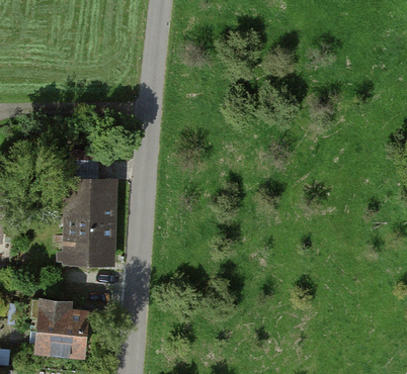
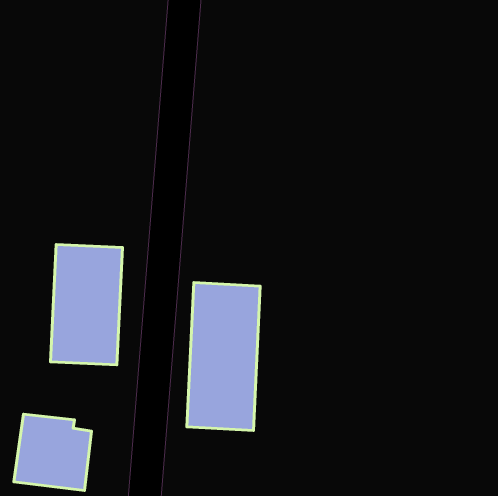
building: none -> [187,283,260,430]

